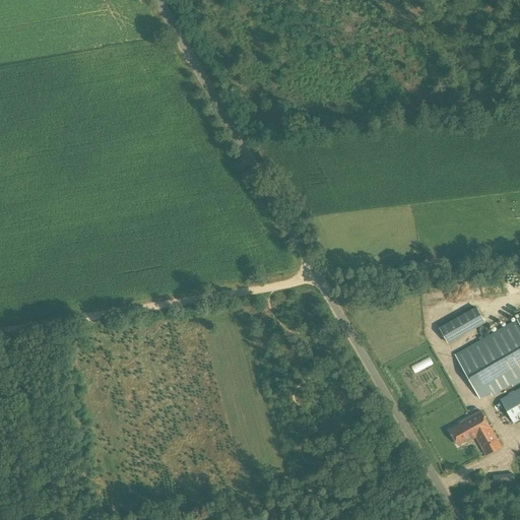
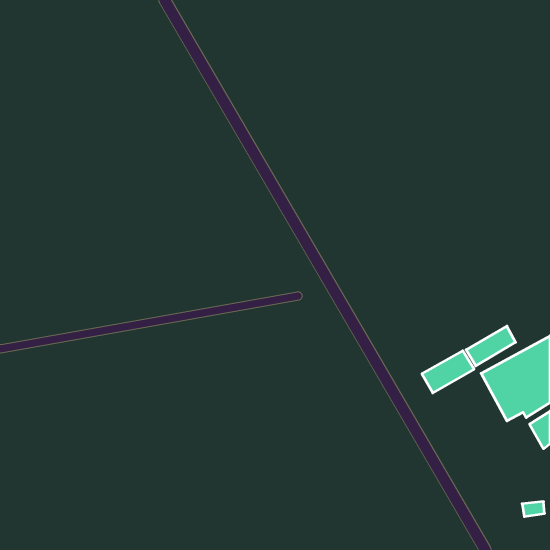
building: none -> [422,351,474,393]
building: [450,411,502,456] -> none

